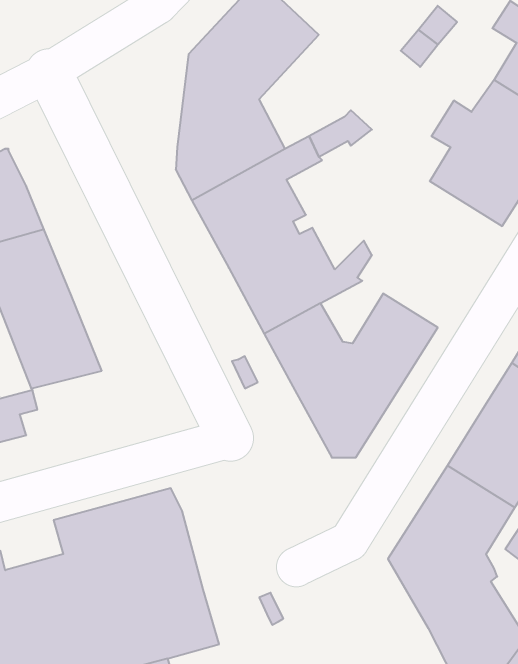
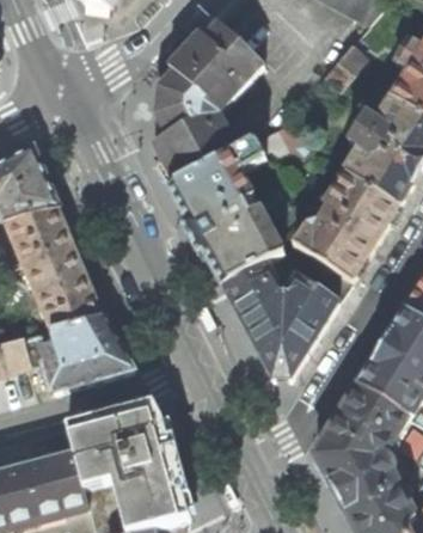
building: none -> [292,170,399,278]
building: none -> [41,312,134,387]

